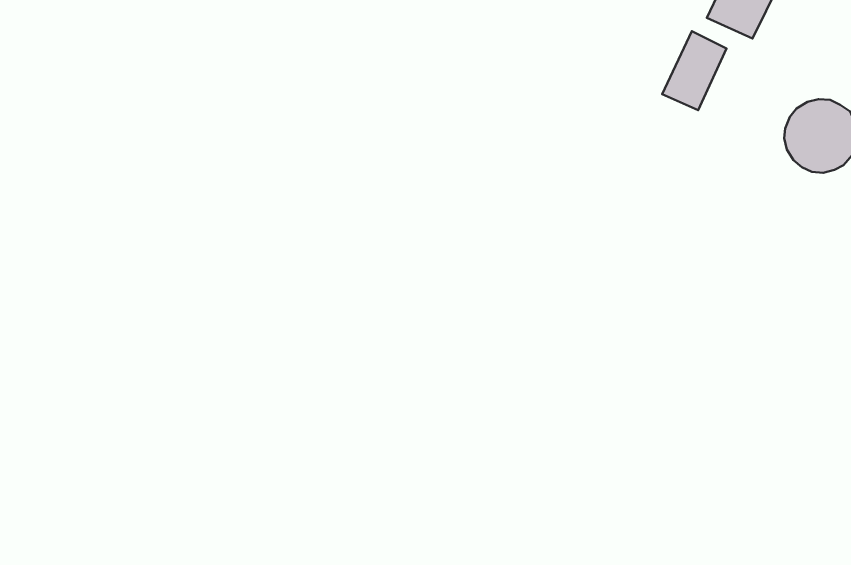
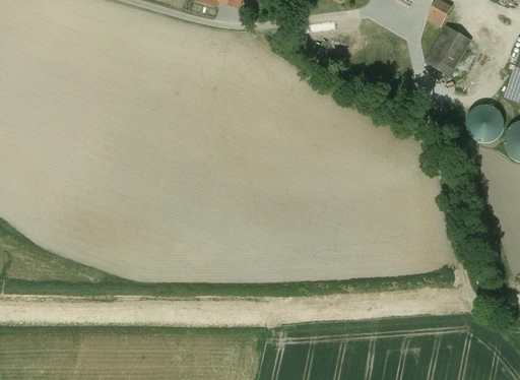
building: [662,31,727,110] -> none

